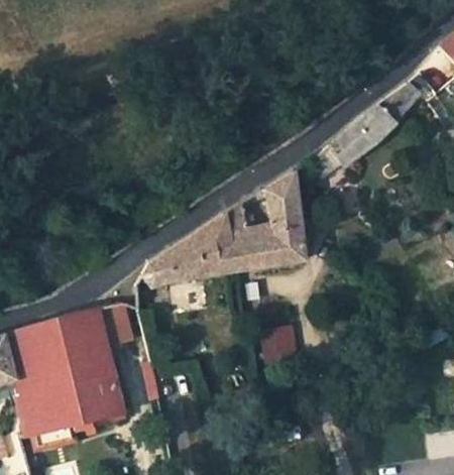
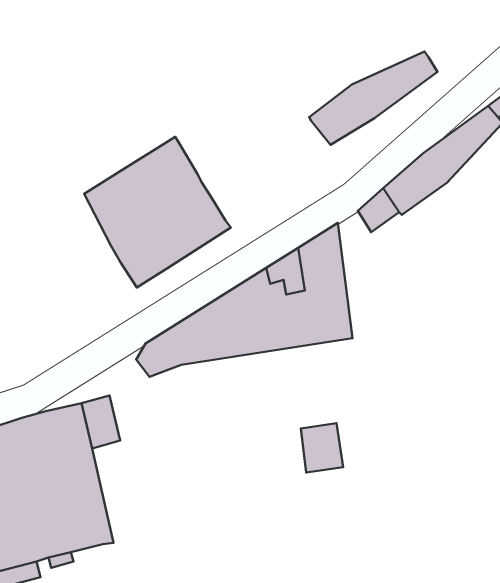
building: none -> [309,51,438,145]
building: none -> [84,137,231,287]

